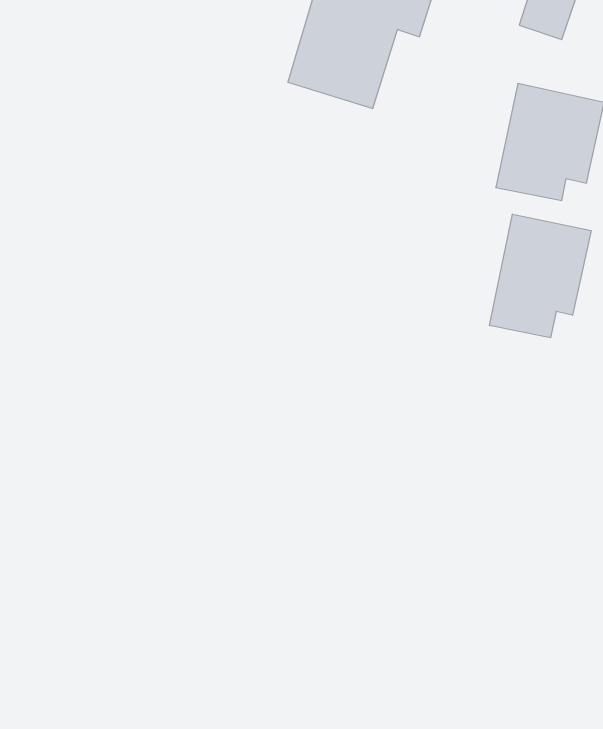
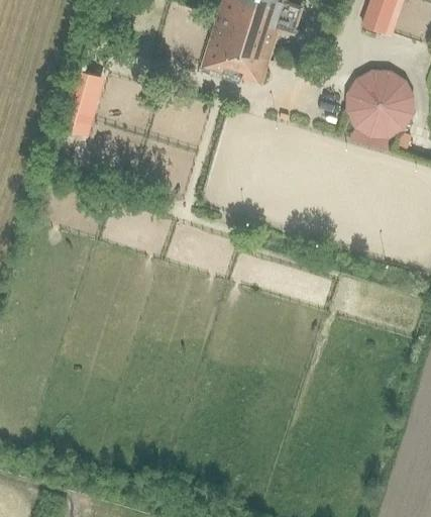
building: none -> [58,65,106,133]
building: [489,214,591,338] -> none

